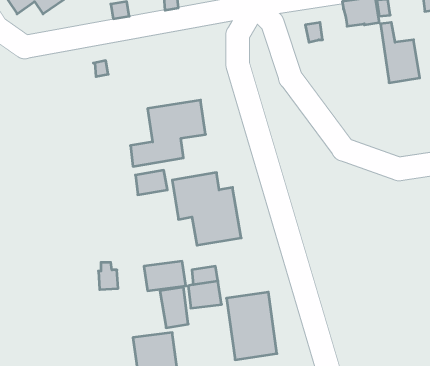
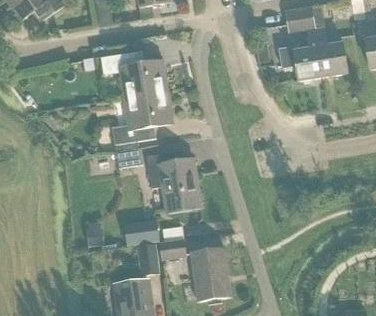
building: none -> [279,28,322,80]
building: none -> [100,50,169,97]

